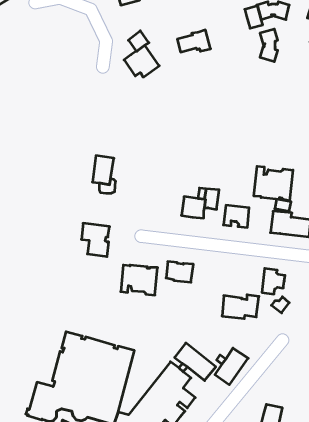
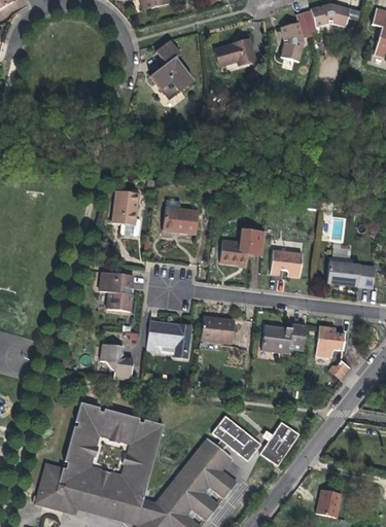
building: [260,29,278,62] -> [280,23,302,62]
building: none -> [163,200,198,233]
building: [254,166,293,201] -> none
building: none -> [100,345,132,380]
building: [222,295,259,319] -> [261,324,306,353]

